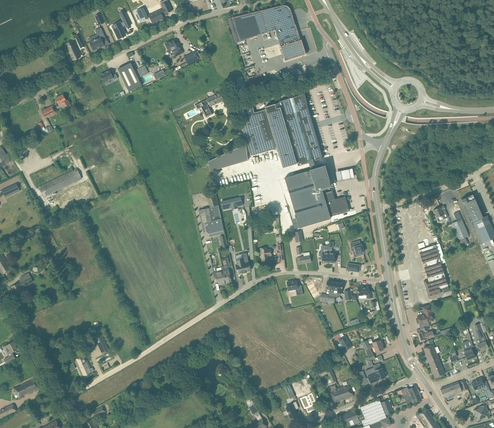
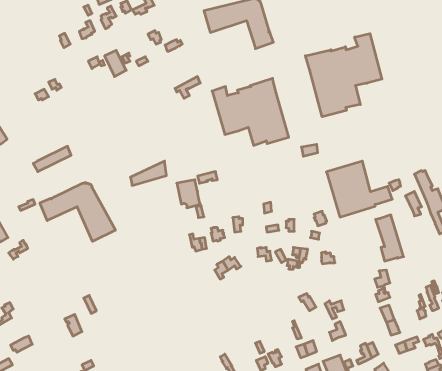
building: none -> [305,34,382,117]
building: [208,143,248,170] -> [130,161,166,185]
building: [286,166,359,228] -> [326,161,392,217]
building: none -> [40,183,115,241]

